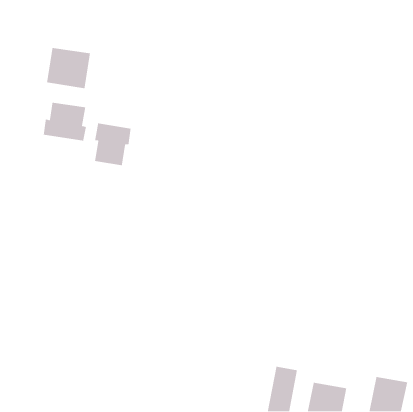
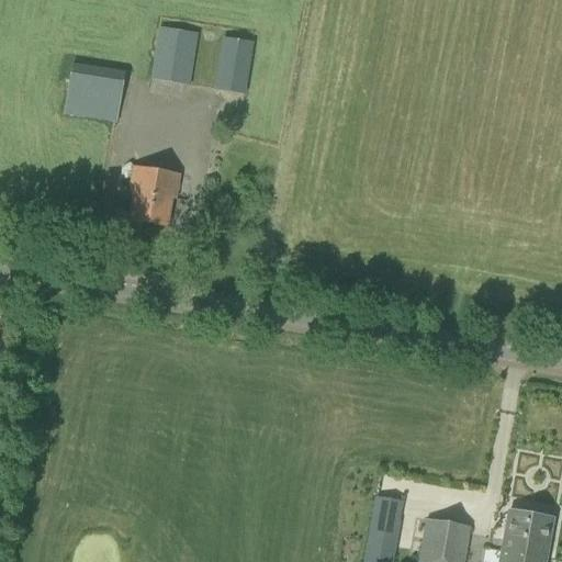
building: none -> [151,25,200,83]
building: none -> [216,35,254,92]
building: [43,102,87,141] -> none

